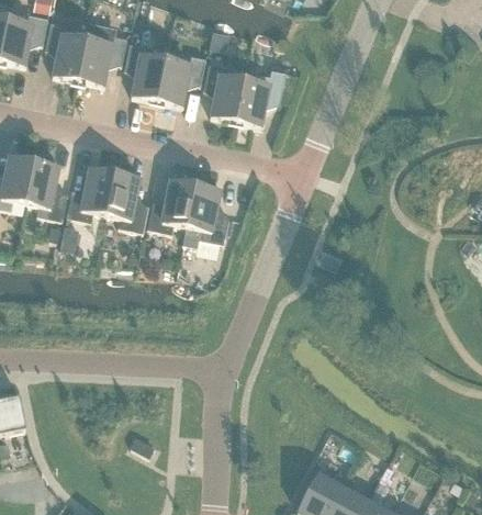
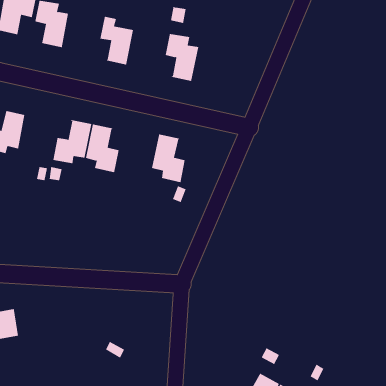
building: [78,33,126,85] -> none
building: [156,54,205,104] -> none
building: [235,67,300,125] -> none
building: [25,160,67,219] -> none
building: [146,178,194,232] -> none

